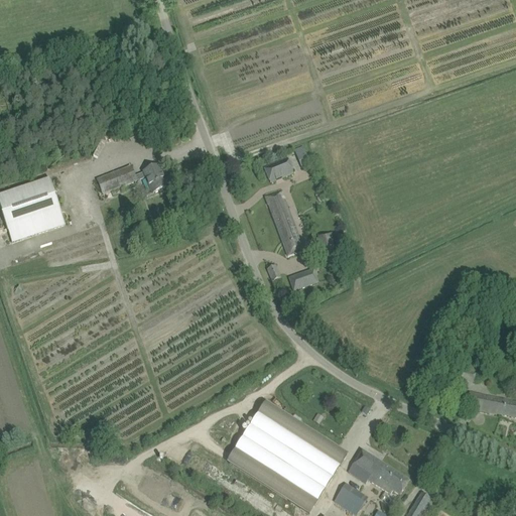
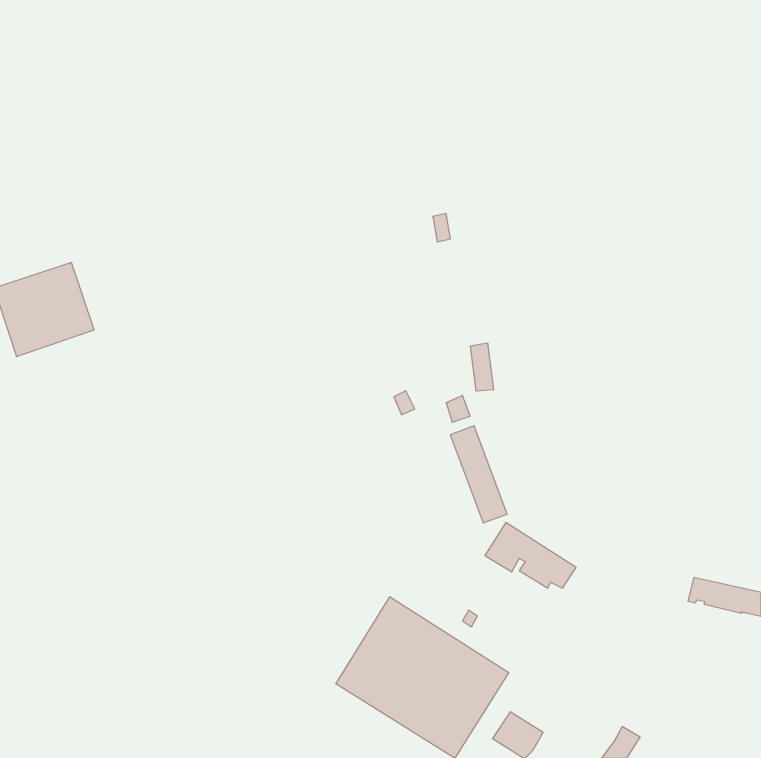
building: [263,156,292,180] -> none
building: [95,164,166,194] -> none
building: [264,188,302,254] -> [450,426,507,523]
building: [347,448,408,493] -> [485,523,576,588]

